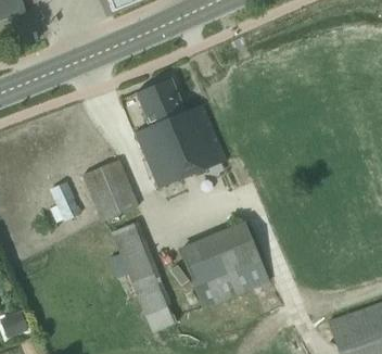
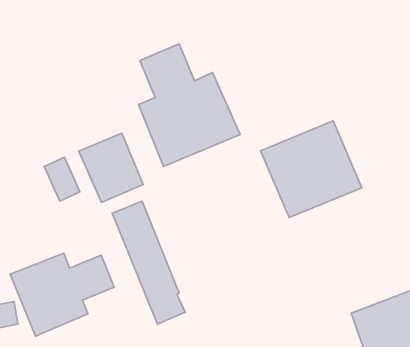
building: [176,220,268,308] -> [260,121,362,218]
building: none -> [10,253,114,336]

